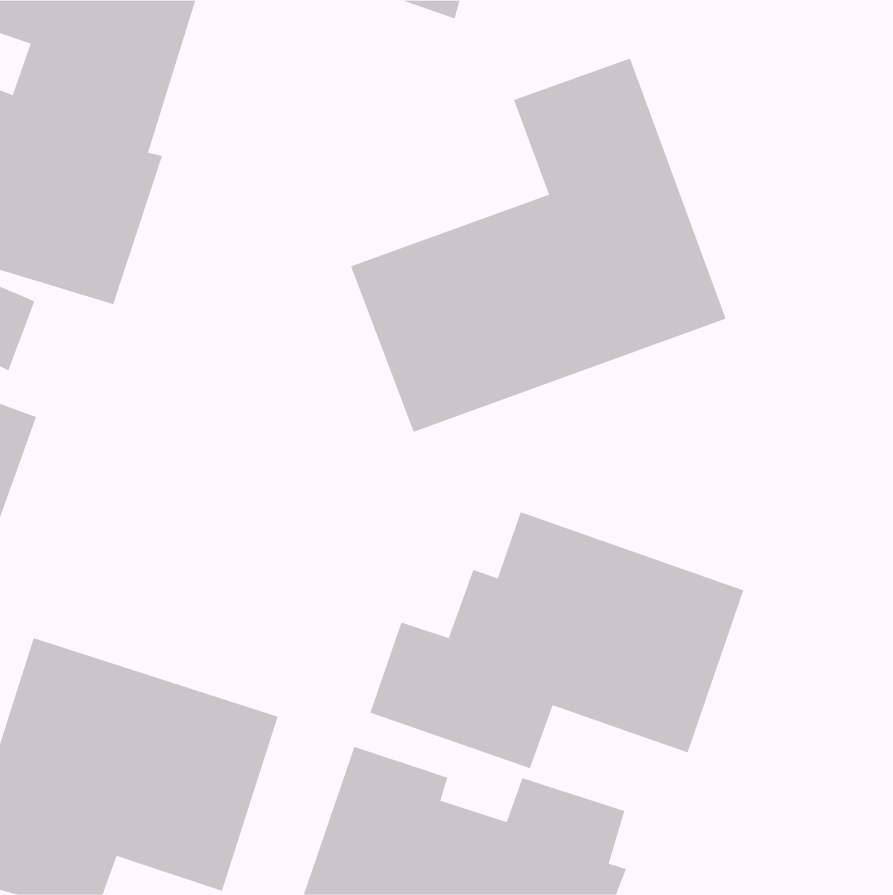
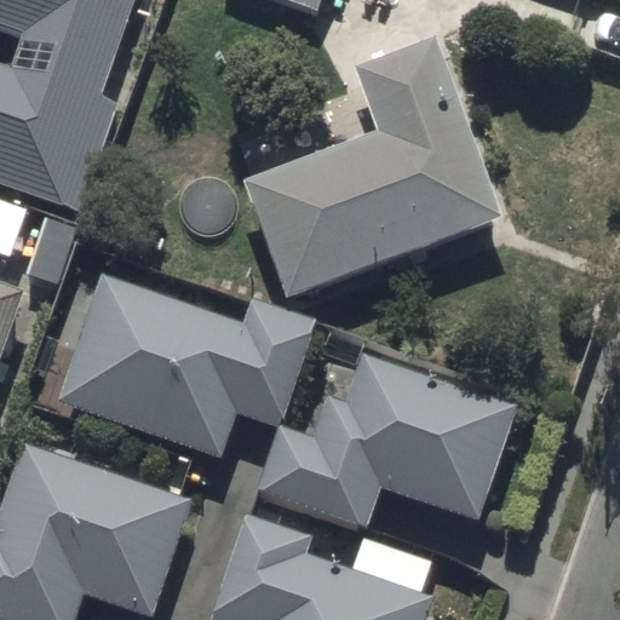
building: none -> [61,272,315,458]

